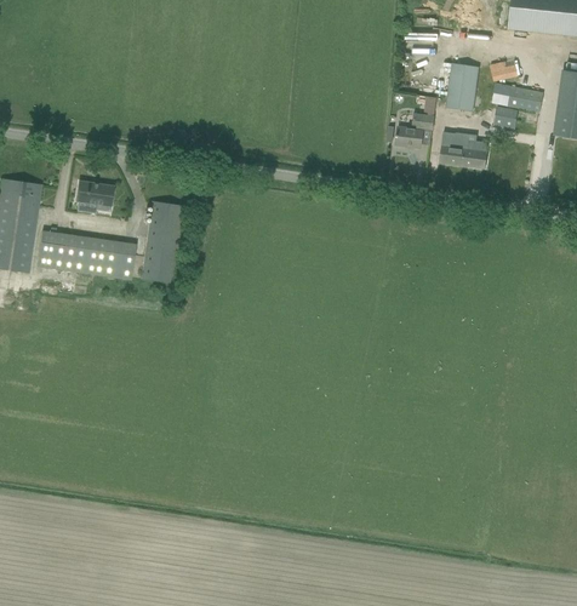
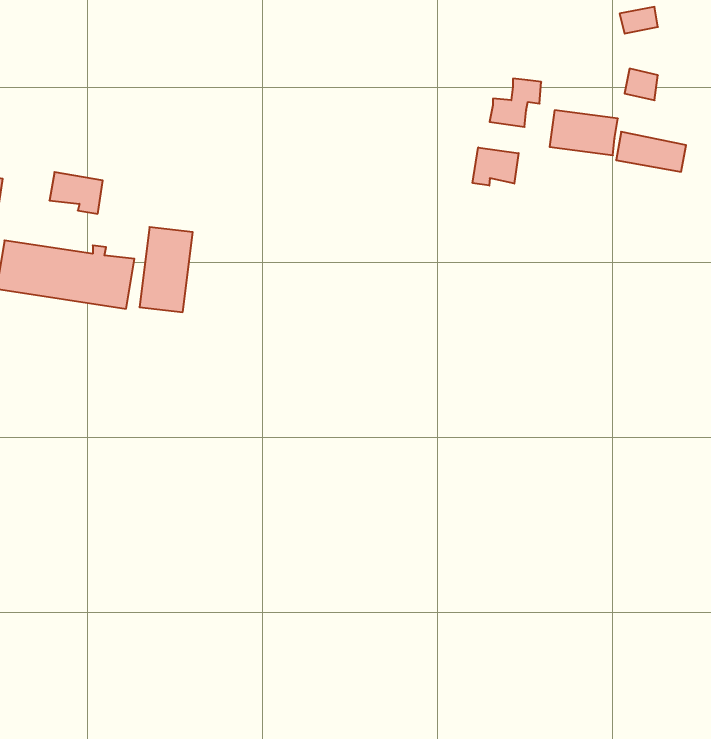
building: [446,62,478,110] -> none
building: [492,81,543,110] -> [616,132,686,172]
building: none -> [473,147,519,186]
building: [148,199,183,223] -> none

